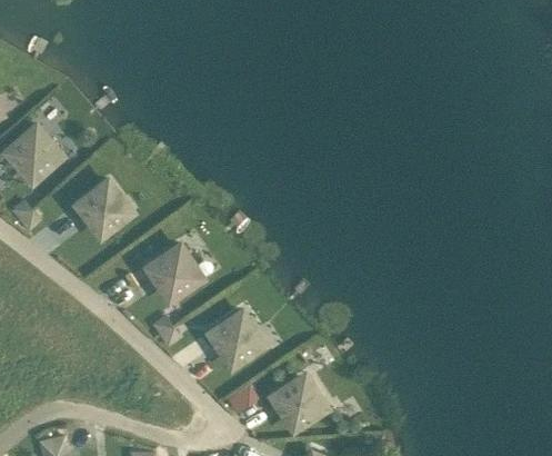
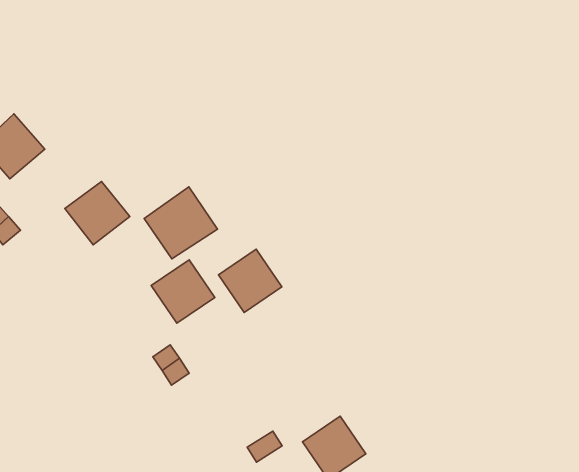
building: none -> [144,187,218,259]
building: [209,309,261,361] -> [219,249,282,312]

